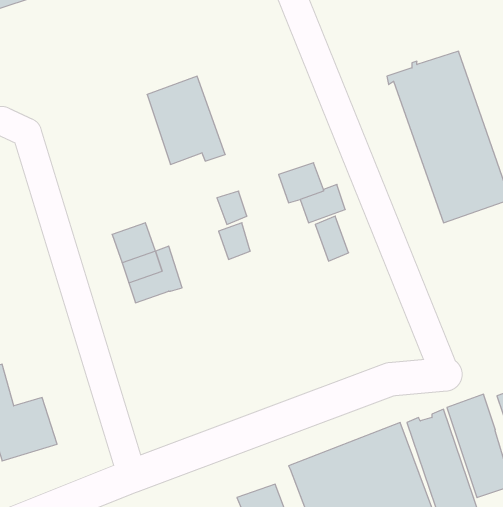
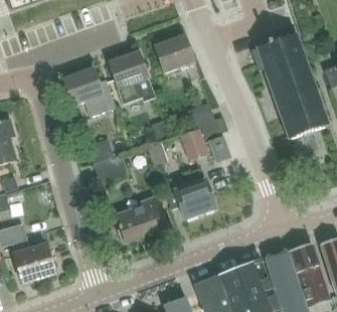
building: none -> [154,34,198,79]
building: none -> [62,66,116,116]
building: none -> [179,127,209,161]
building: none -> [167,167,215,217]
building: none -> [114,196,164,243]

